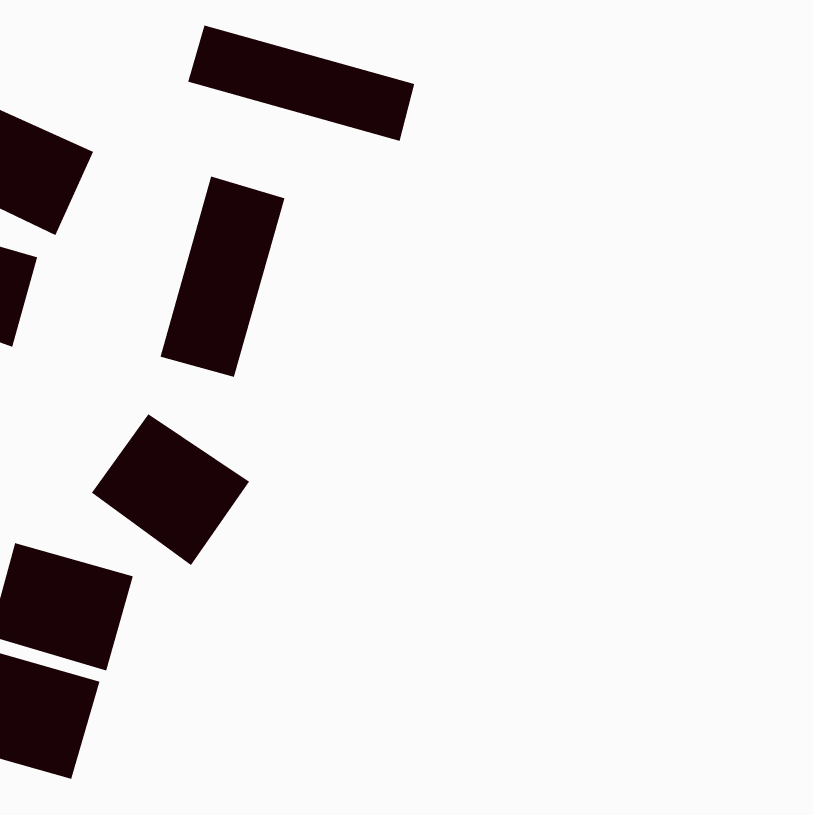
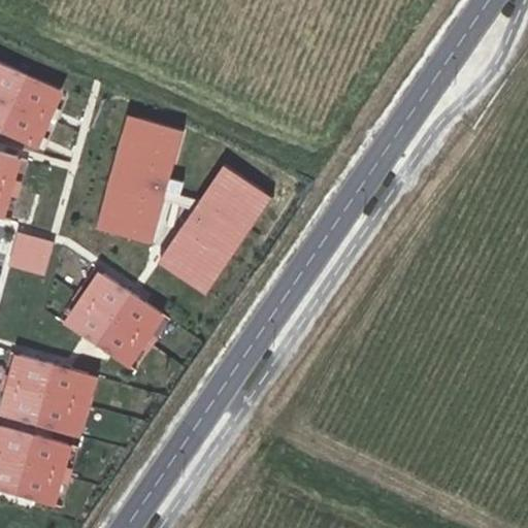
building: [187,24,415,142] -> none
building: none -> [158,163,272,295]
building: none -> [10,233,53,272]

